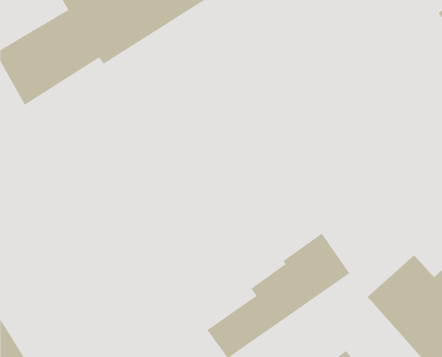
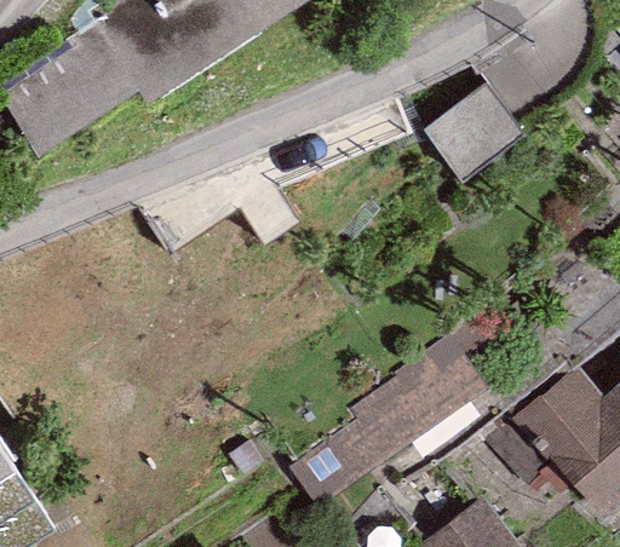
building: none -> [421,84,522,180]

